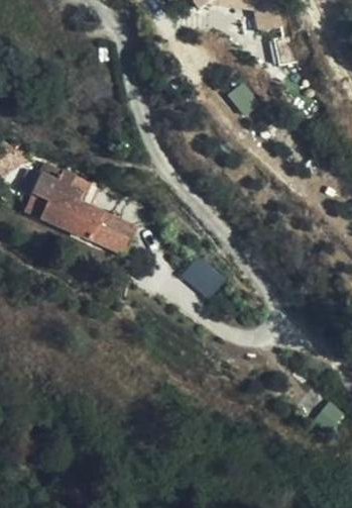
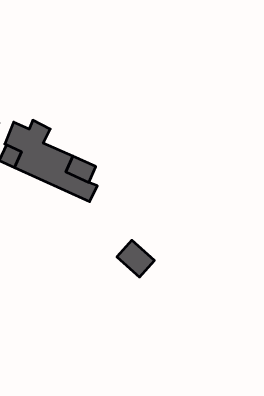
building: [184,255,227,297] -> [117,240,154,277]

